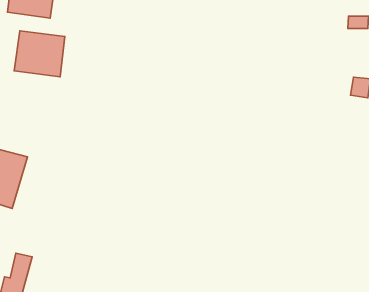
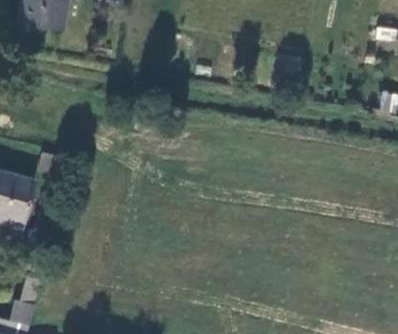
building: [14,31,65,77] -> none

